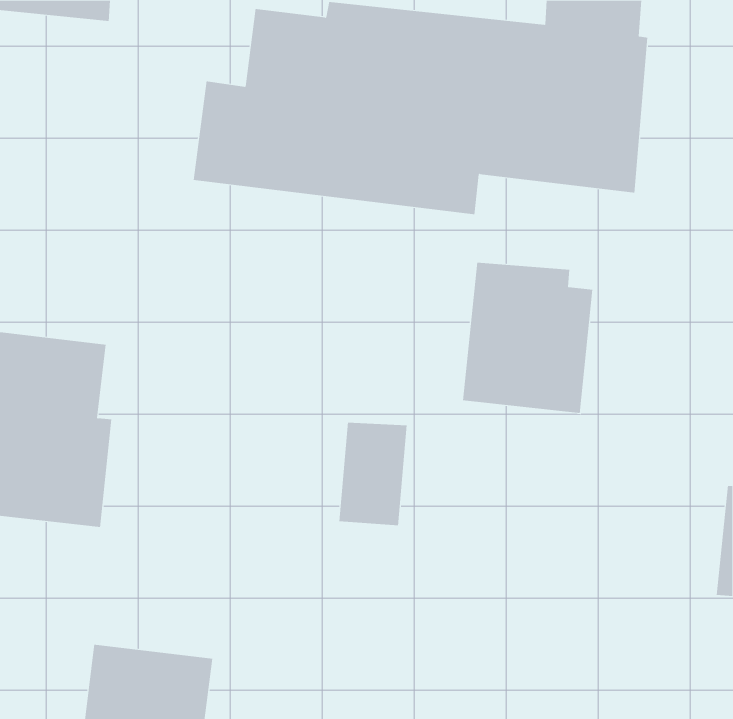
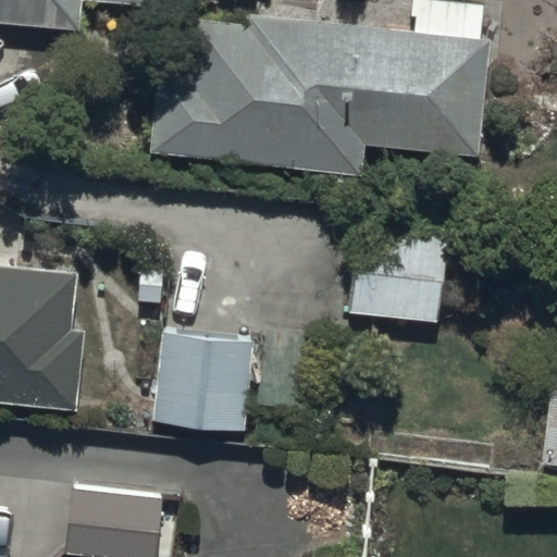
building: none -> [151,336,252,435]

